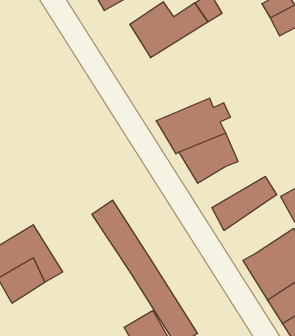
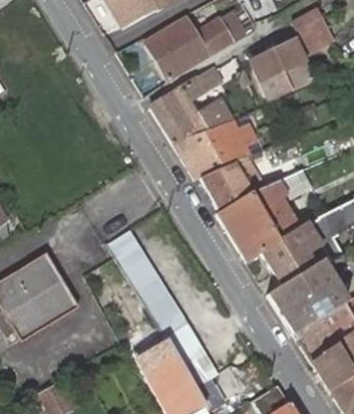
building: none -> [250,39,310,97]
building: none -> [151,67,234,145]
building: none -> [220,178,292,237]
building: none -> [262,222,319,285]

